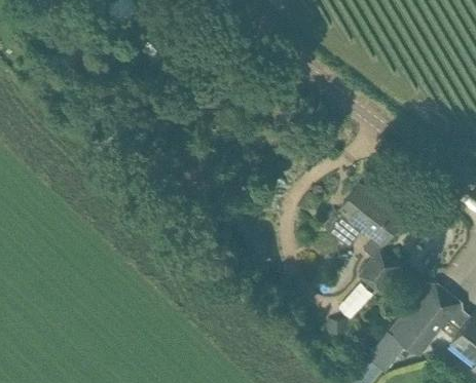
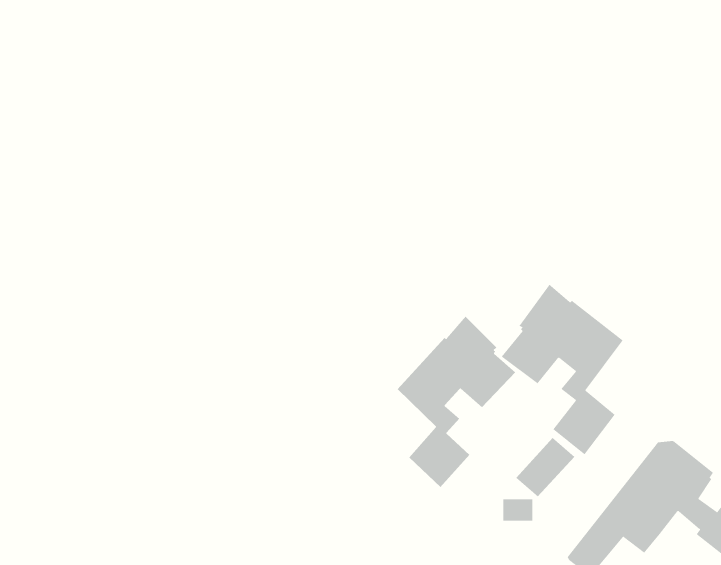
building: none -> [397,316,516,488]

